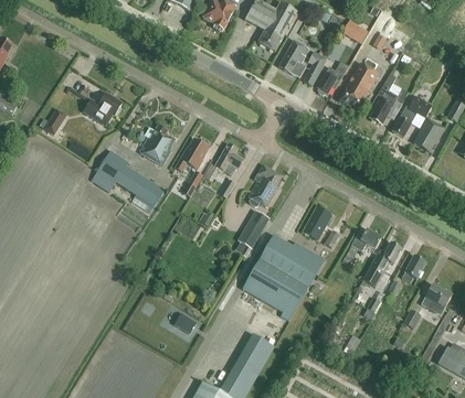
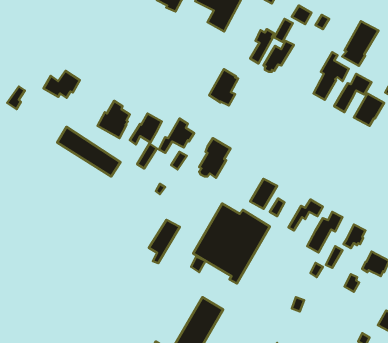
building: [278,39,309,77] -> [209,69,238,106]
building: [340,63,379,110] -> [342,21,379,66]
building: [236,209,270,256] -> [149,220,180,263]

